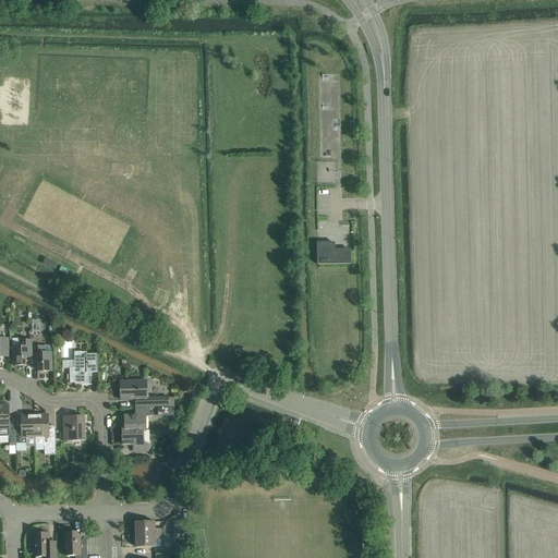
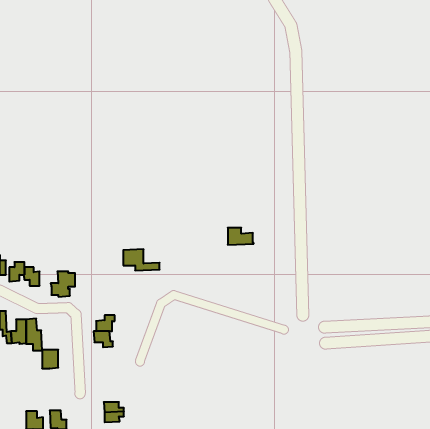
building: [316,241,350,263] -> [228,228,254,245]
building: [120,378,167,405] -> [123,249,160,270]
building: [63,415,84,439] -> [42,350,58,368]

